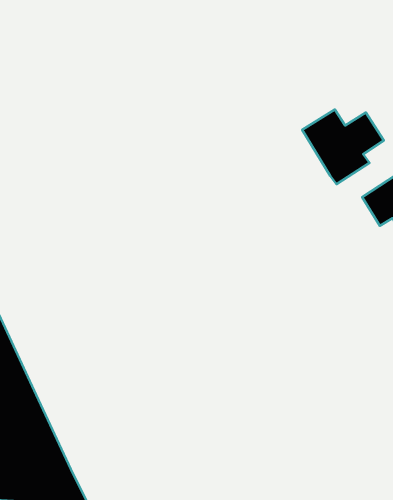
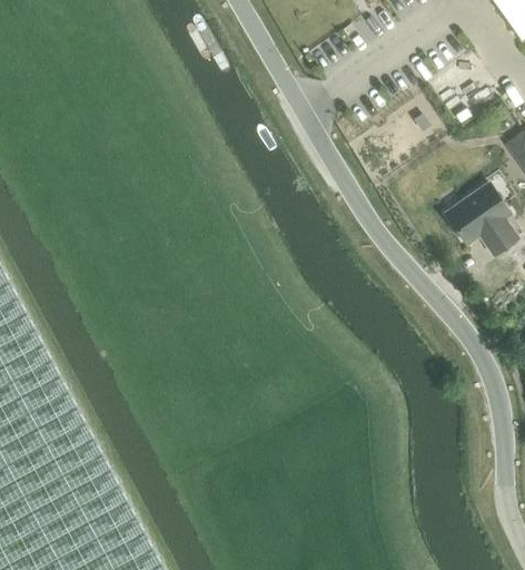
building: [302,109,384,184] -> none

